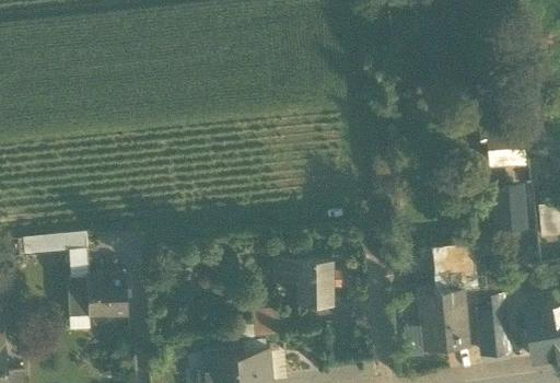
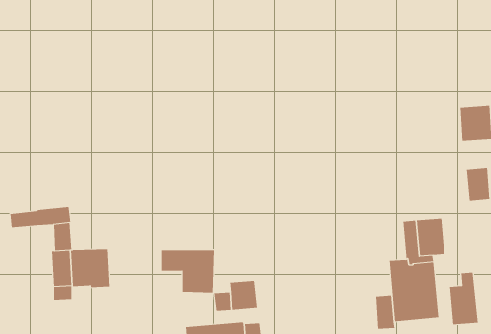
building: [278,259,334,304] -> [161,250,215,293]

